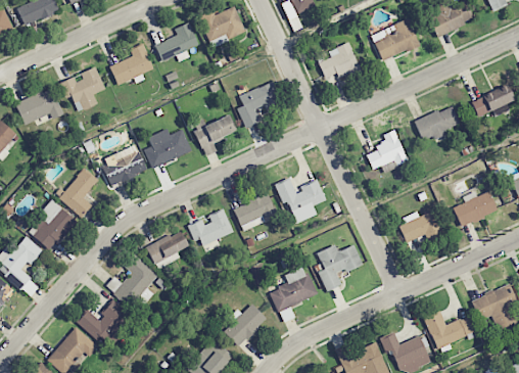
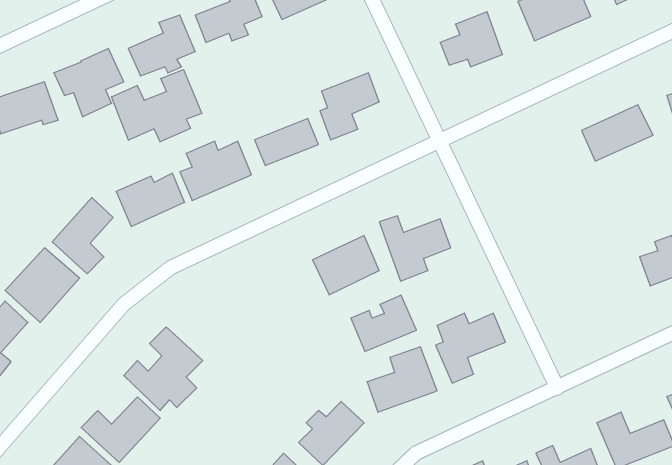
building: none -> [112,70,202,142]
building: [367,130,409,172] -> none
building: [190,209,234,247] -> [351,295,416,352]
building: [397,212,442,243] -> none
building: [147,230,189,270] -> none

